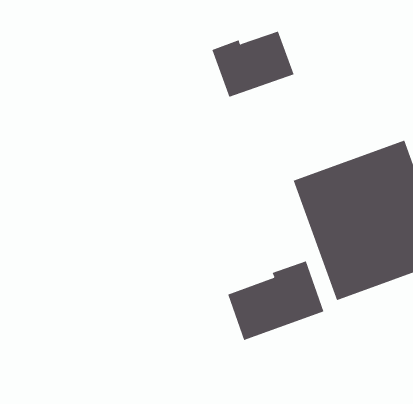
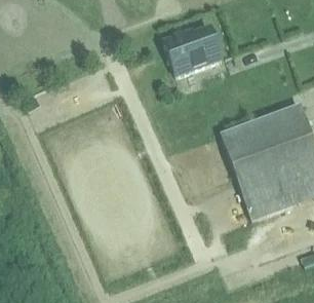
building: [228,261,324,341] -> none

